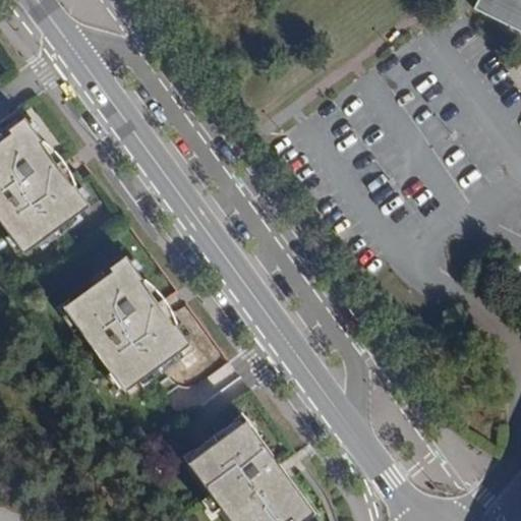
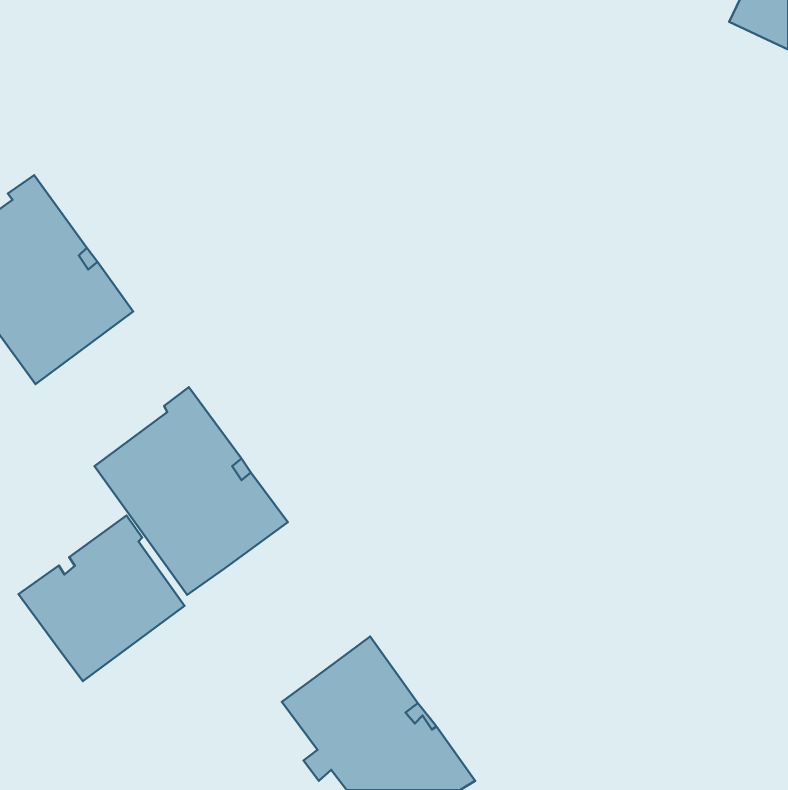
building: none -> [19,516,185,681]

